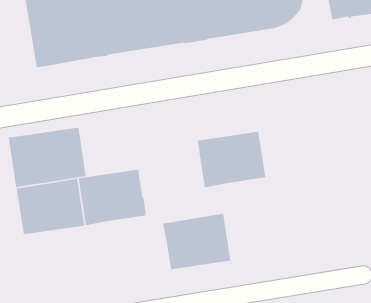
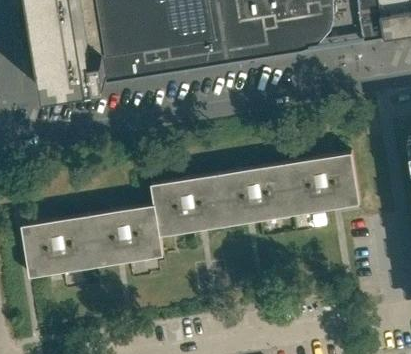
building: none -> [283,153,358,215]
building: [8,127,87,188] -> none
building: [162,213,231,270] -> [149,174,224,236]

